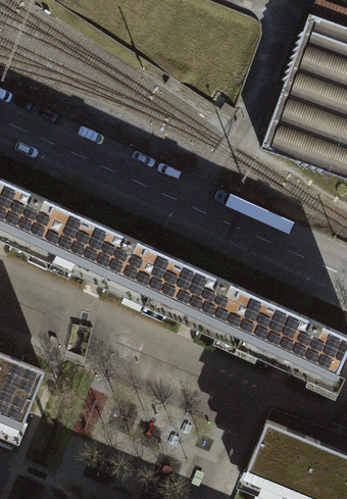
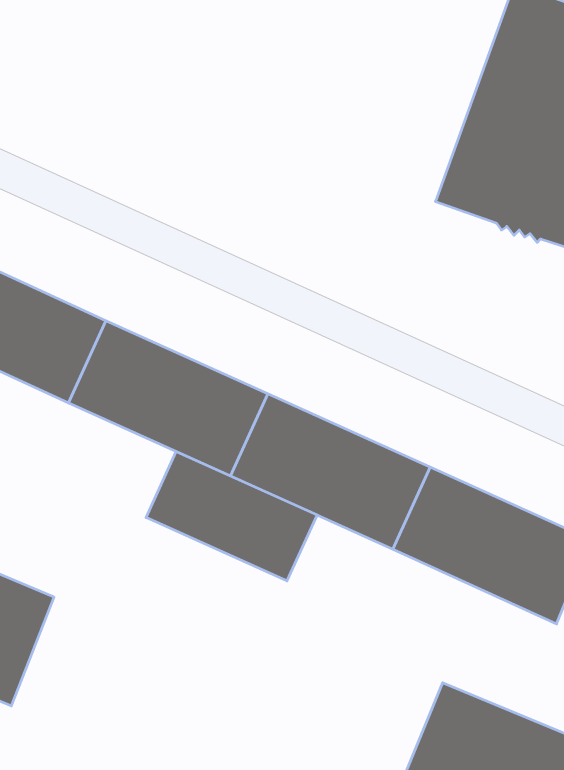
building: none -> [146,452,317,581]

